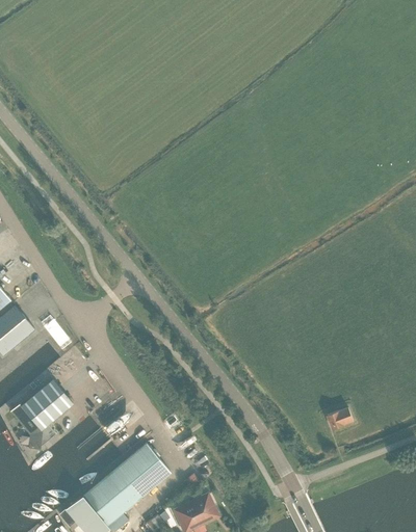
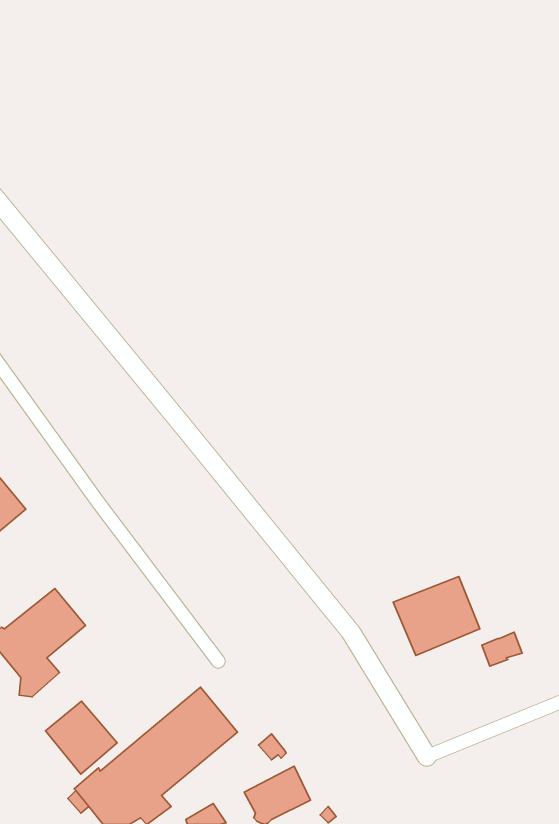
building: none -> [393,577,480,655]
building: none -> [46,701,117,774]

